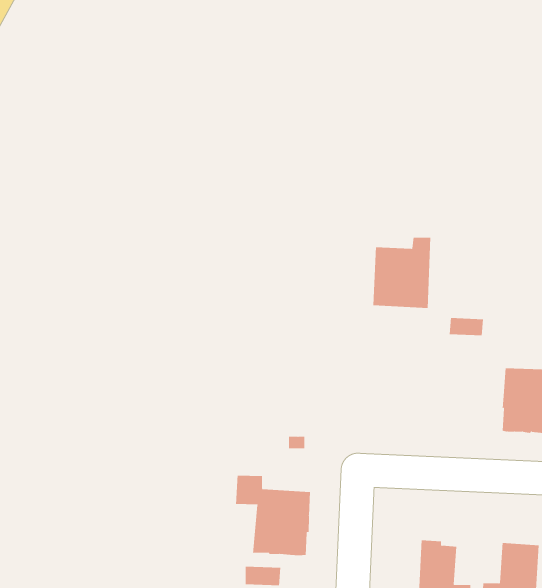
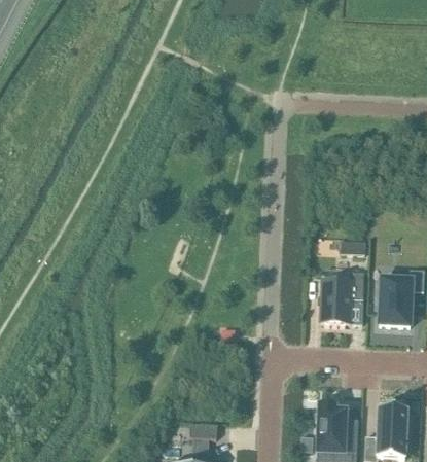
building: [373,237,431,308] -> [321,272,364,324]
building: [235,475,311,556] -> none

